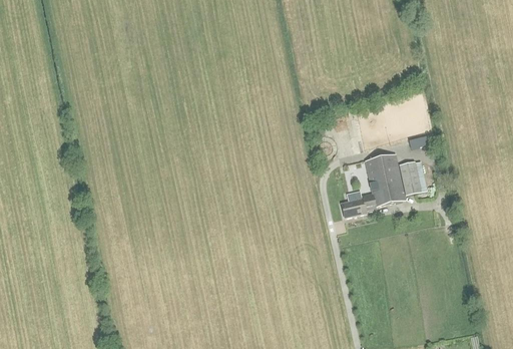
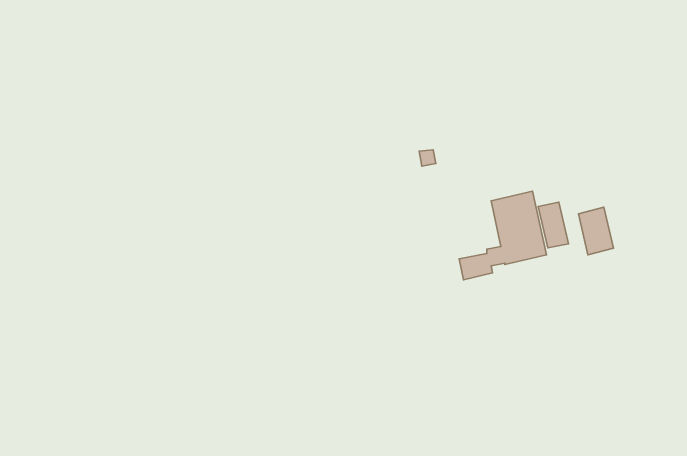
building: none -> [578,207,614,255]

